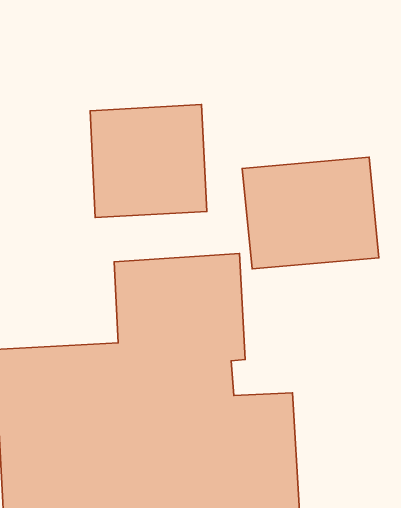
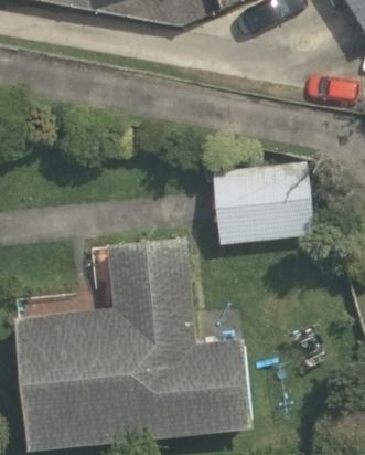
building: [90,104,207,218] -> none

